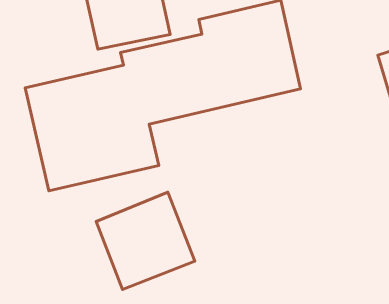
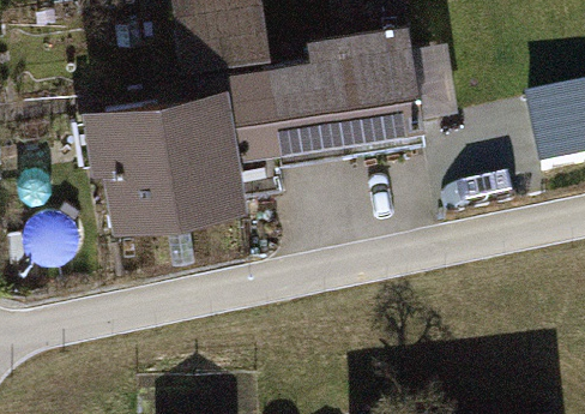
building: [96,192,195,289] -> none

